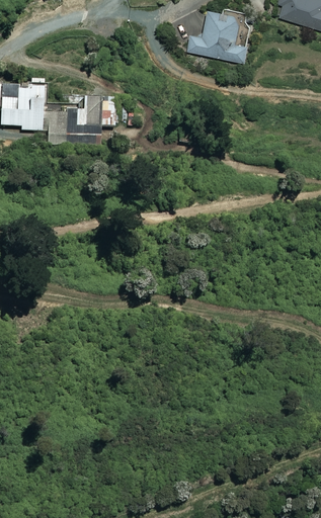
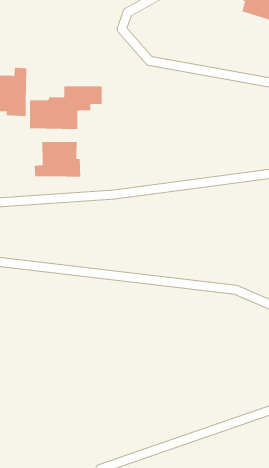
building: [186,9,246,63] -> none
building: none -> [34,141,81,177]

